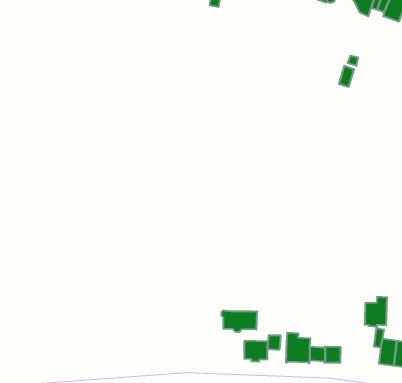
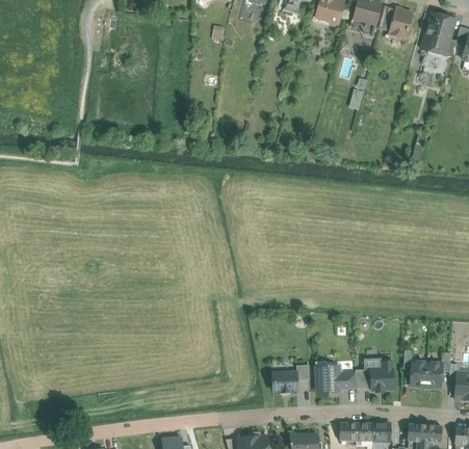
building: [365,297,387,327] -> [370,362,393,392]
building: [221,310,257,332] -> none

